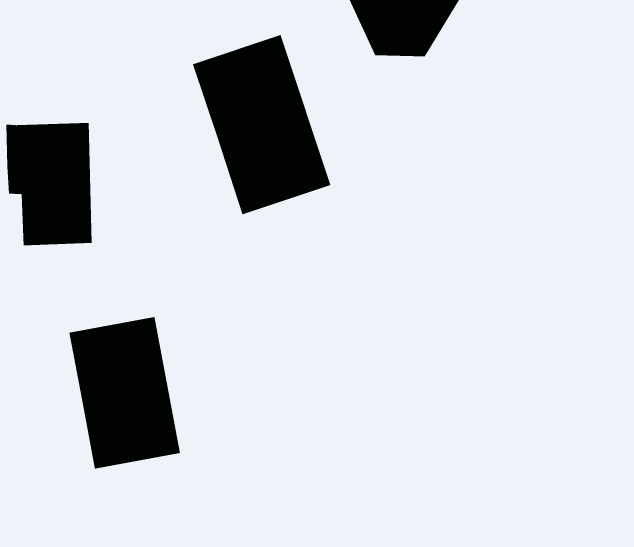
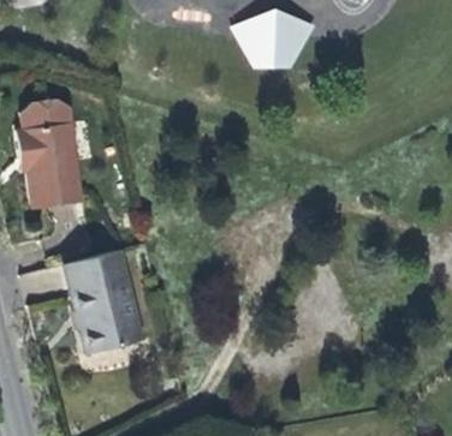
building: [192,34,331,215] -> none
building: none -> [22,100,71,129]

